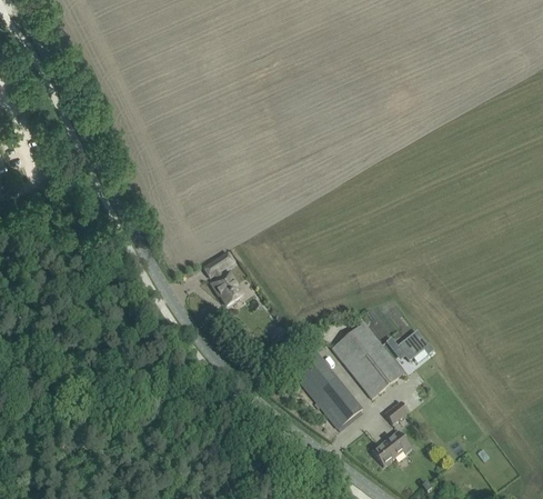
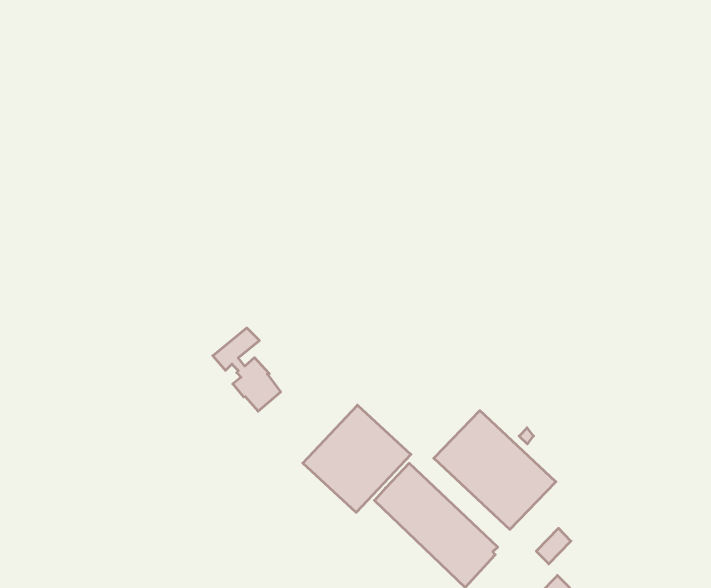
building: none -> [303,405,411,512]
building: [391,338,426,367] -> none

